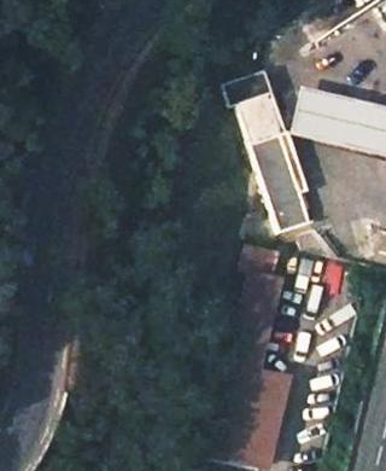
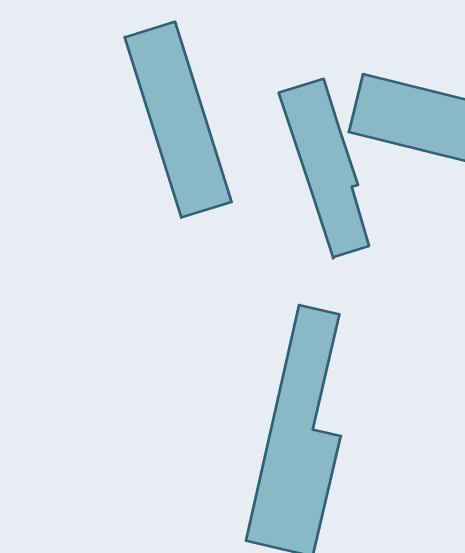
building: none -> [125,22,232,218]
building: [224,69,274,106] -> none

